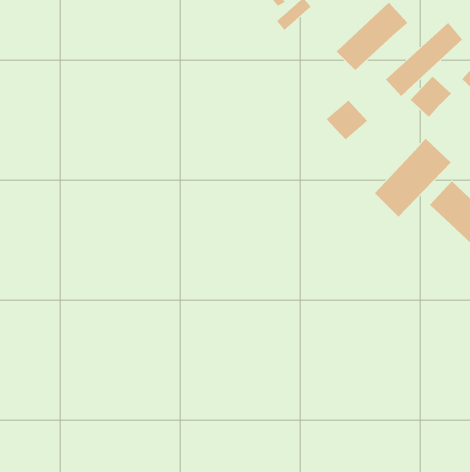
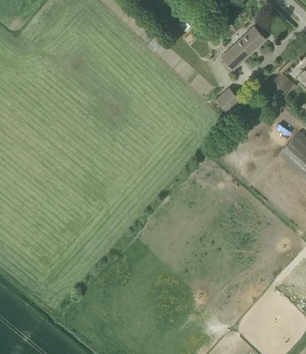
building: [385,22,463,97] -> none
building: [374,138,452,218] -> none

